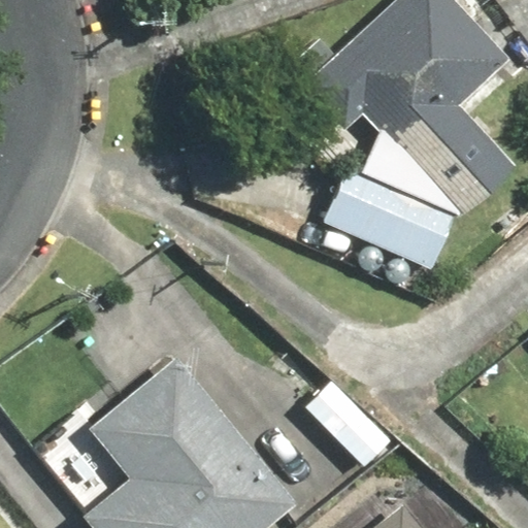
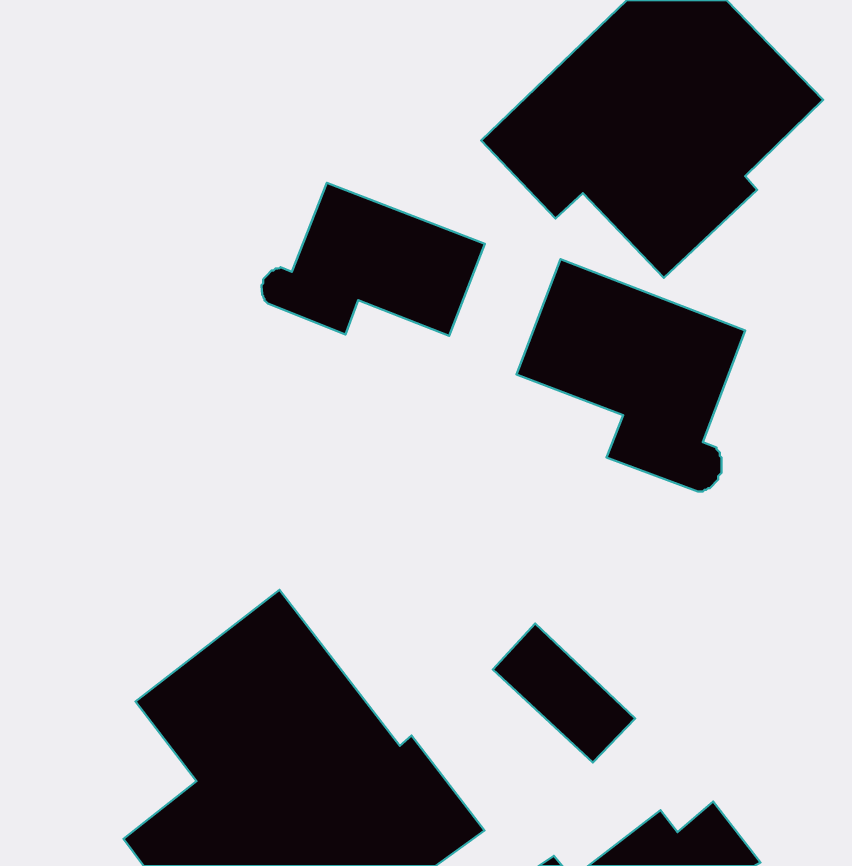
building: none -> [261,183,485,336]

